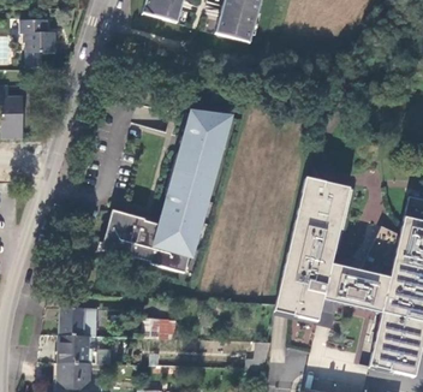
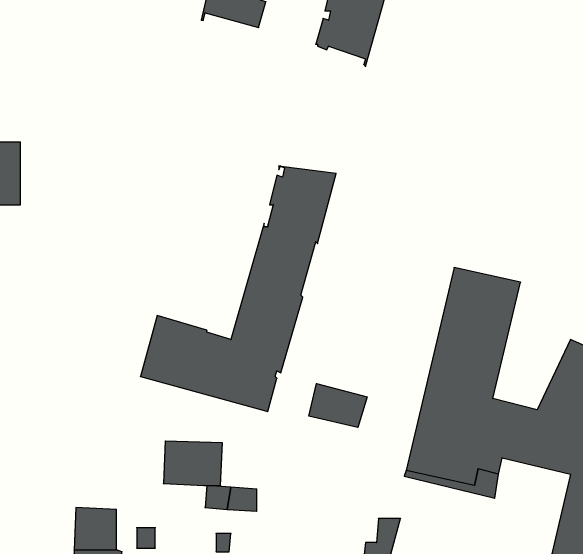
building: [23,18,58,49] -> none
building: none -> [309,384,367,427]
building: [59,305,97,334] -> [163,441,222,485]

